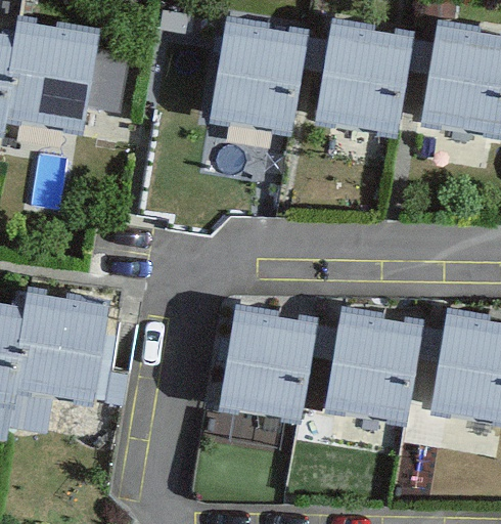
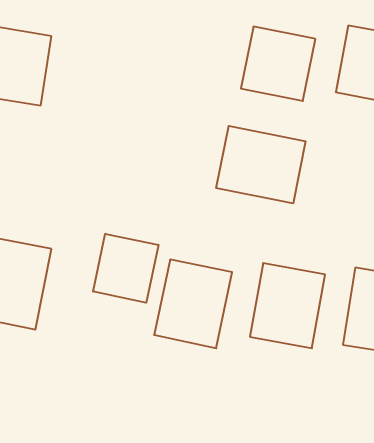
building: [211,41,295,123] -> none
building: none -> [216,126,305,203]
building: none -> [93,234,158,303]

